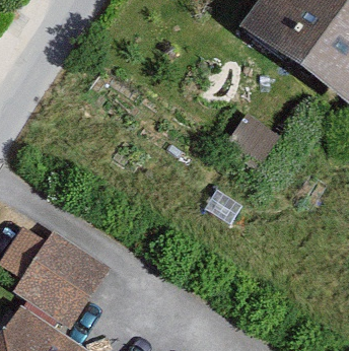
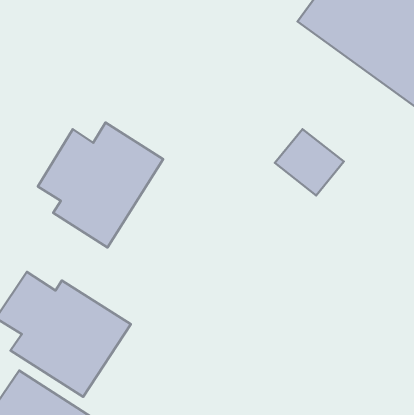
building: none -> [38,122,163,248]

